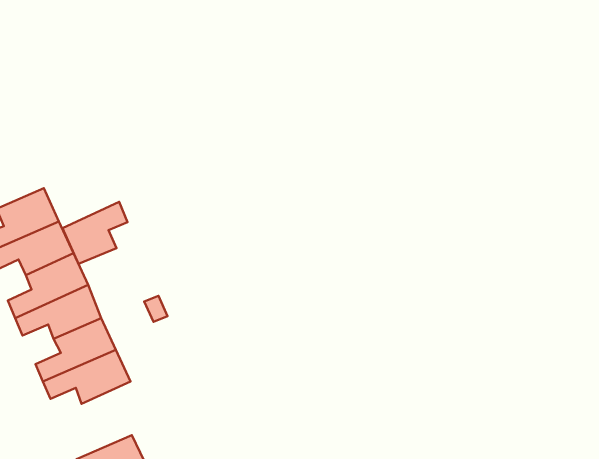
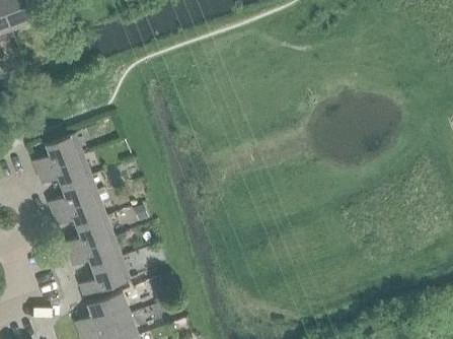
building: [63,202,127,264] -> none
building: none -> [78,258,130,297]

